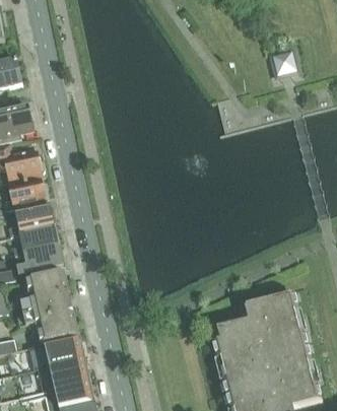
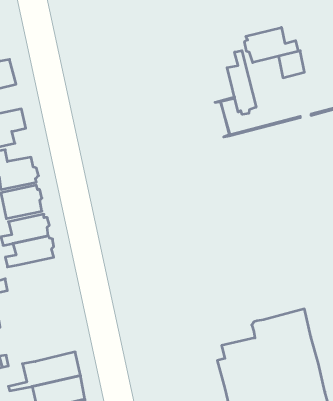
building: none -> [245,27,298,63]
building: none -> [227,51,256,114]
building: [16,246,63,276] -> none
building: [20,272,78,344] -> none

